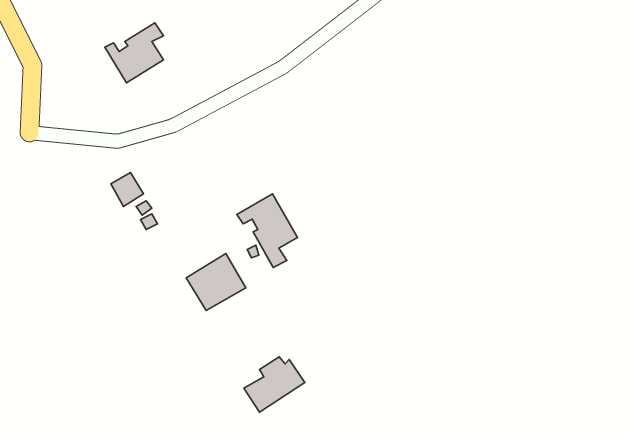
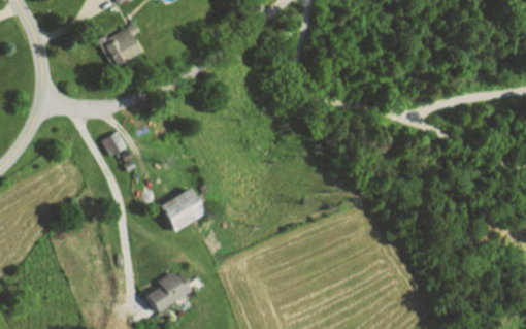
building: [237,194,298,267] -> none
building: [244,357,305,412] -> [146,272,191,312]

